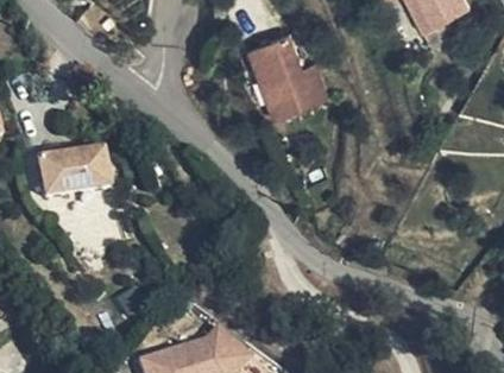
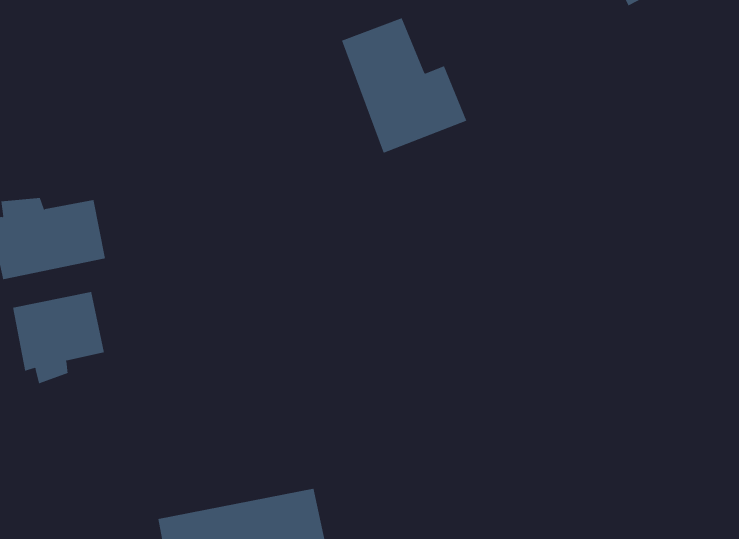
building: none -> [13,291,104,384]

